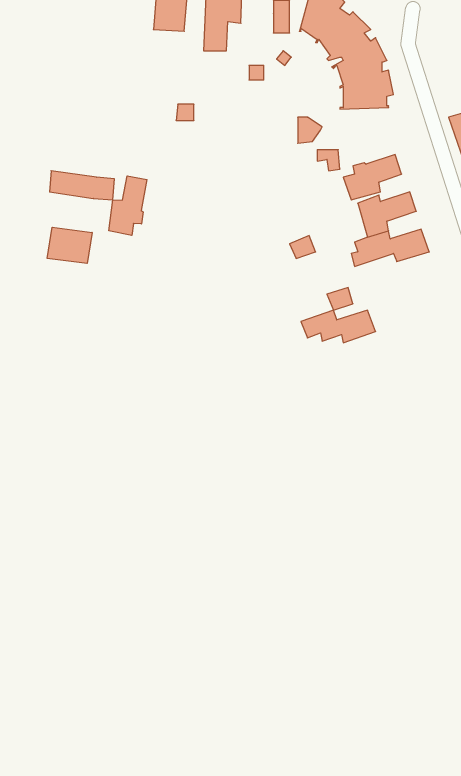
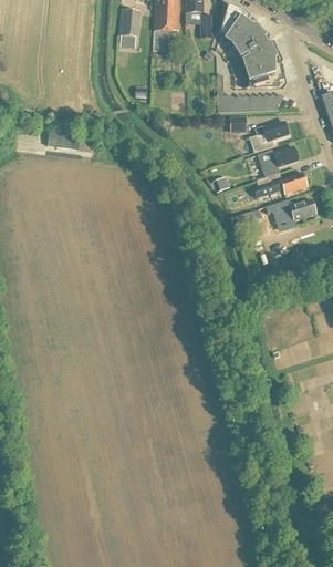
building: [109,176,147,235] -> none
building: [47,227,92,263] -> none
building: [301,310,376,343] -> [264,198,315,220]

